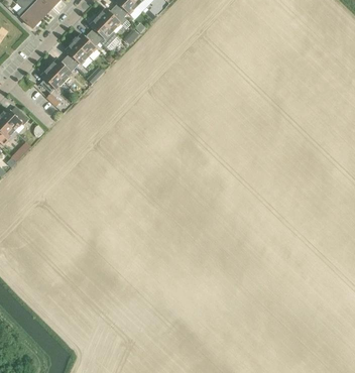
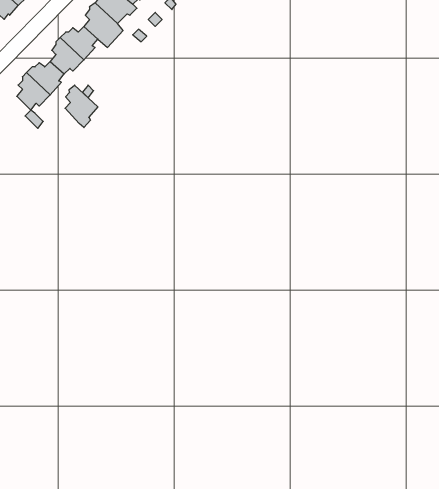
building: none -> [65,85,98,128]

